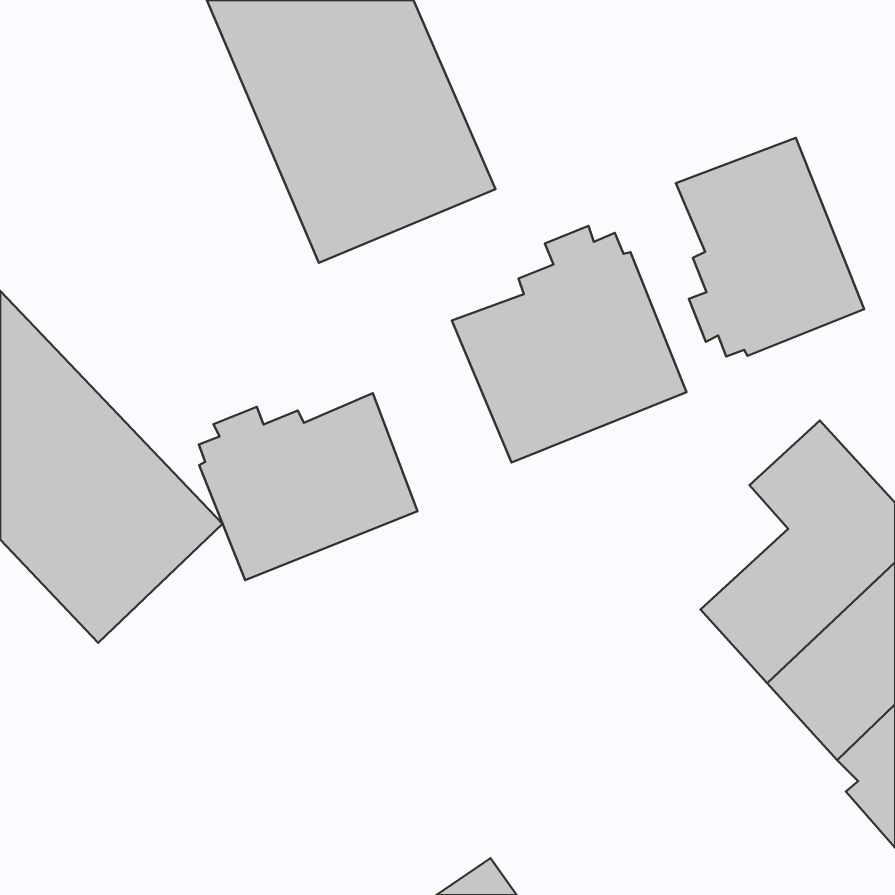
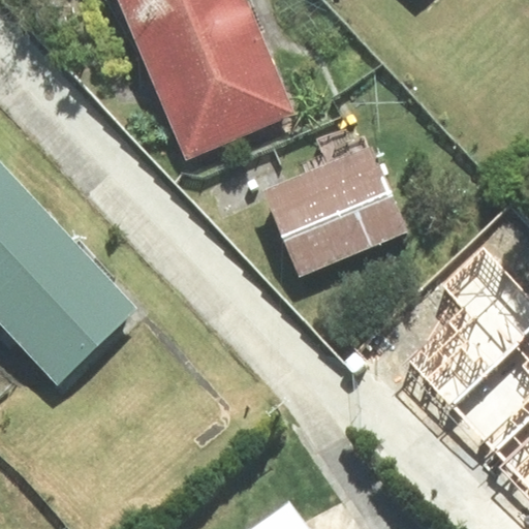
building: [676,138,864,356] -> none
building: [199,393,417,580] -> none

